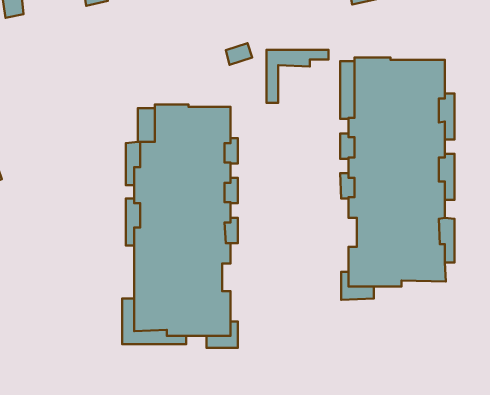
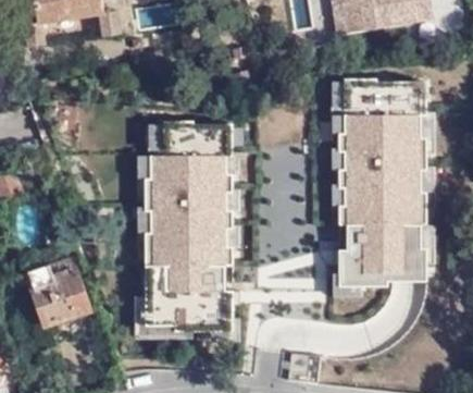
building: [267,50,329,103] -> none
building: none -> [28,256,92,327]

